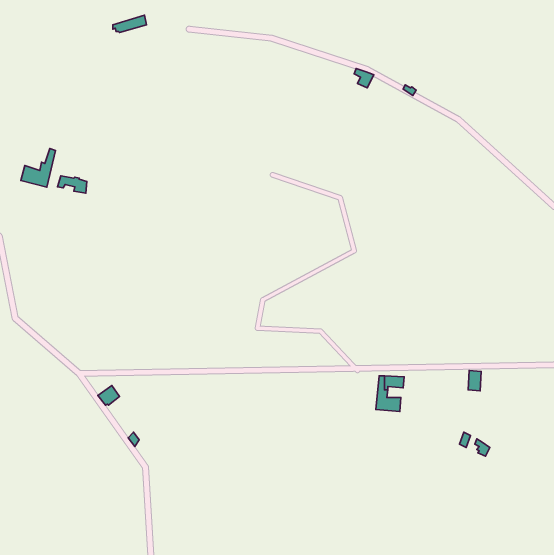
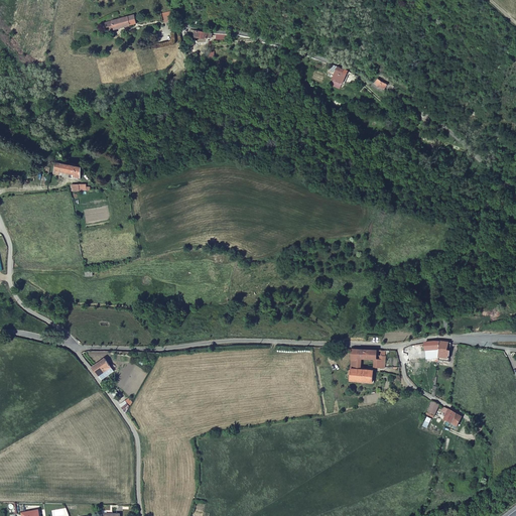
building: [21,149,56,187] -> none

